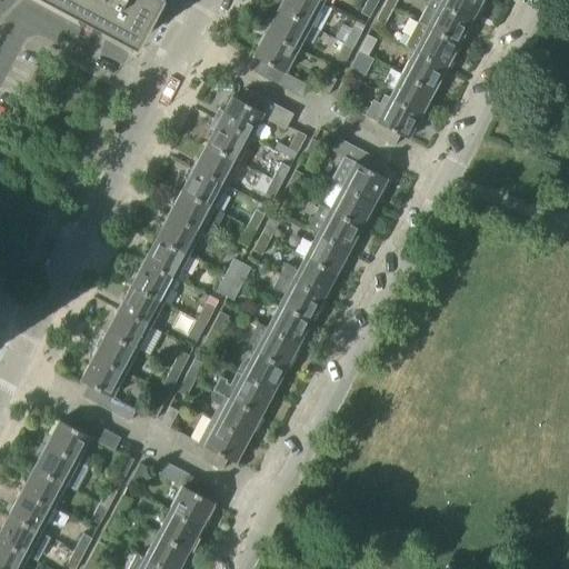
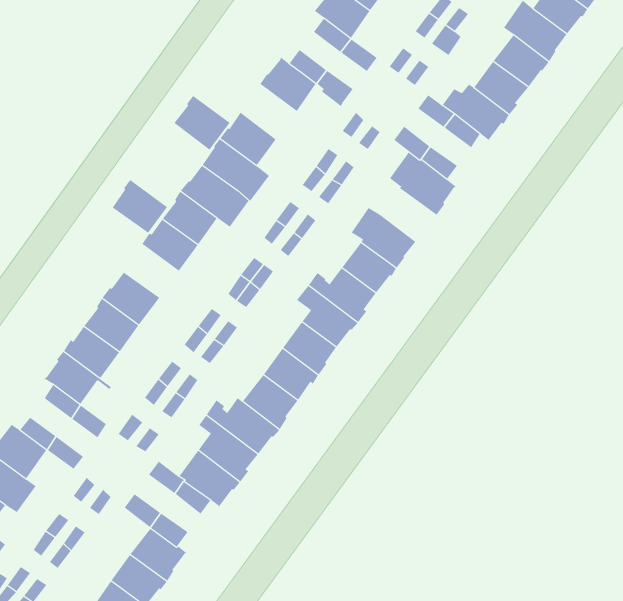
building: [206,120,251,162] -> [173,95,231,151]
building: [329,187,375,228] -> none
building: [131,261,176,302] -> [112,179,168,234]

